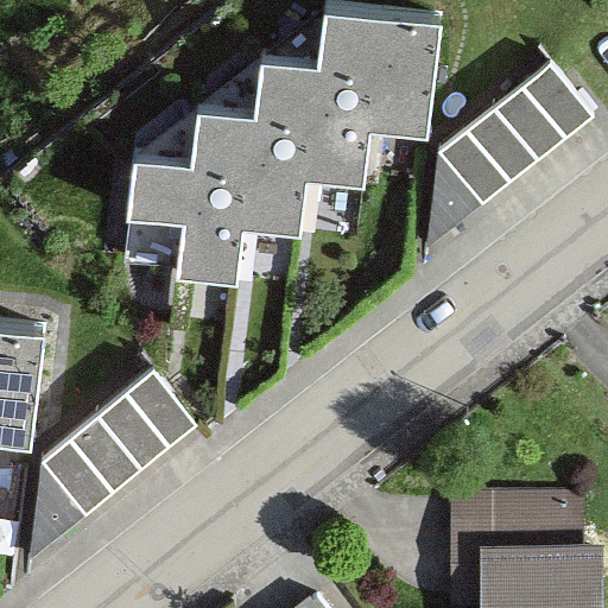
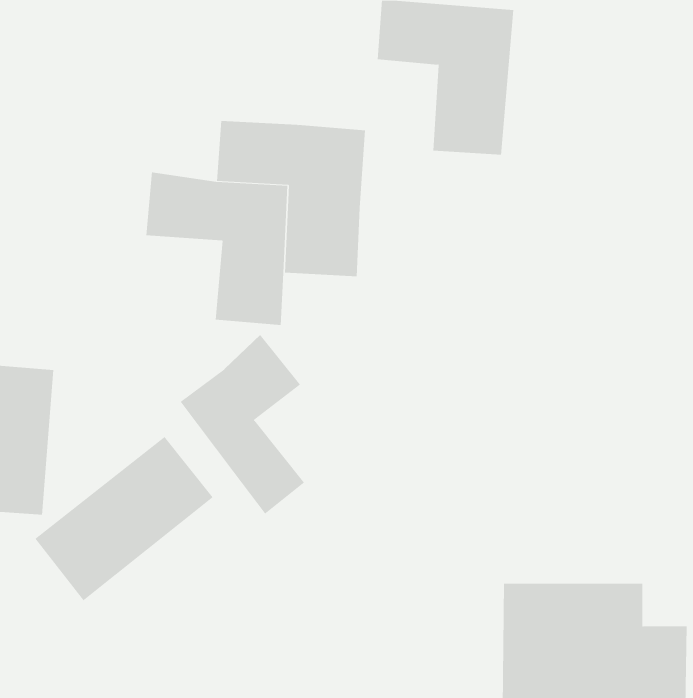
building: [255,57,375,191] -> none
building: [429,71,577,210] -> none
building: none -> [180,334,305,514]

